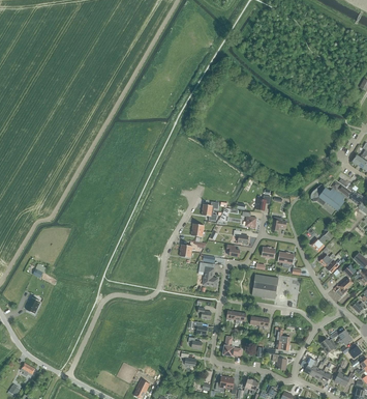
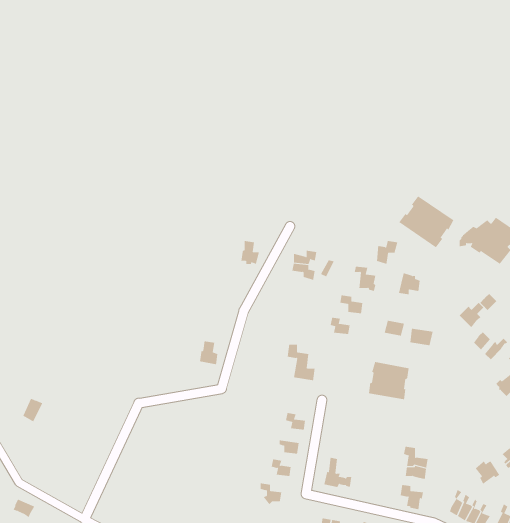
building: none -> [399,196,454,248]

